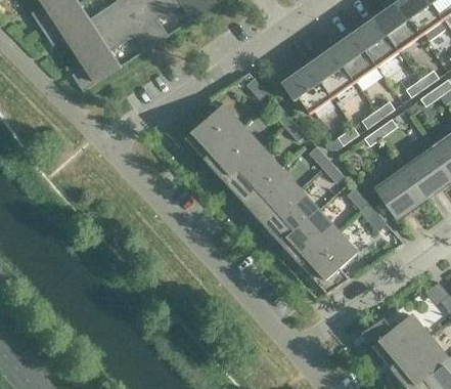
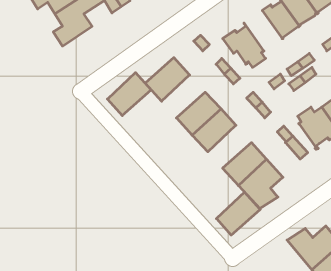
building: [308,46,356,101] -> none
building: [206,126,260,179] -> [107,73,151,116]
building: [263,188,317,242] -> [216,192,260,235]

